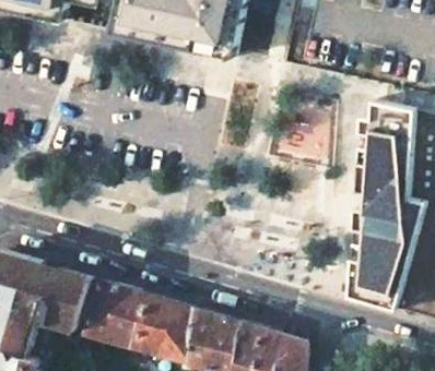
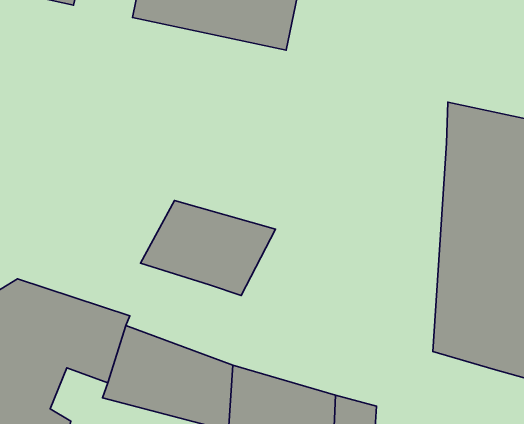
building: none -> [141,200,276,295]

